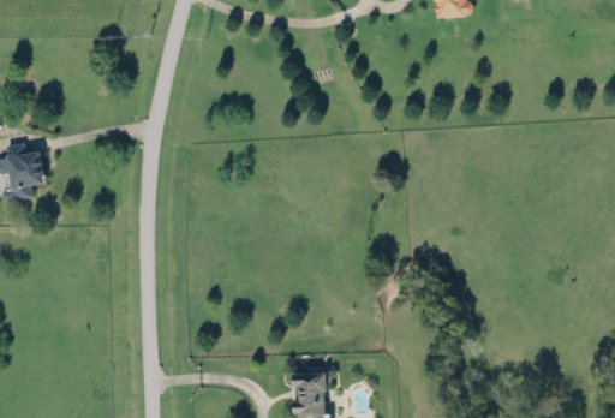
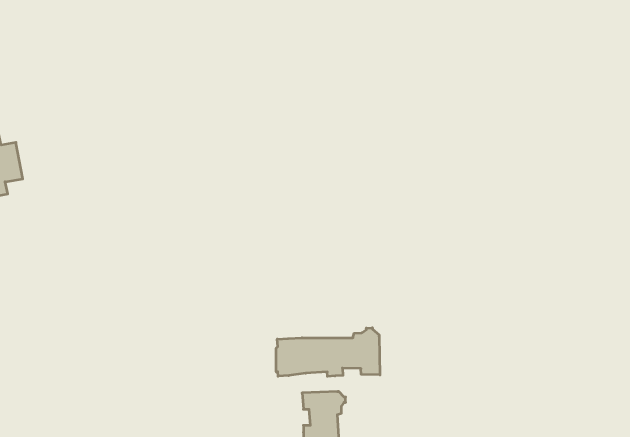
building: none -> [276,328,380,376]

